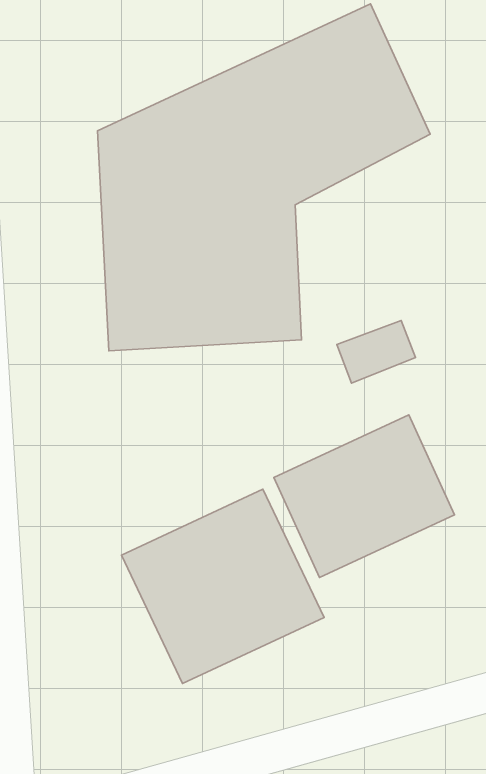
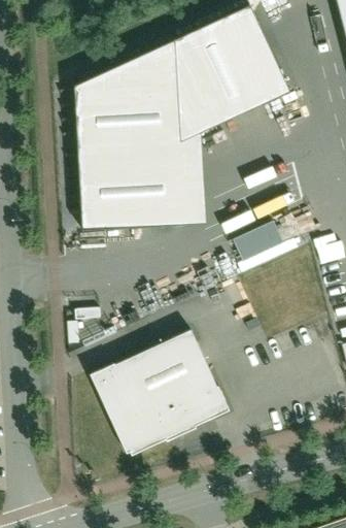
building: [274,415,454,578] -> none

